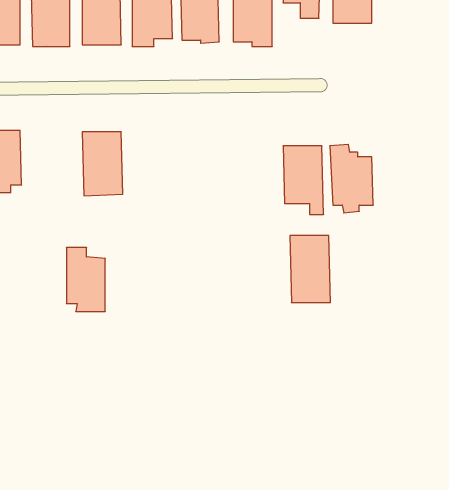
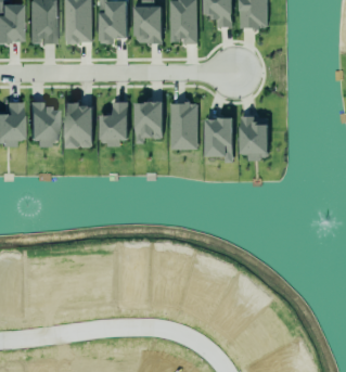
building: none -> [100,102,128,144]
building: none -> [134,102,163,144]
building: [290,236,330,303] -> [170,103,198,150]
building: [66,248,105,311] -> [30,102,57,146]

